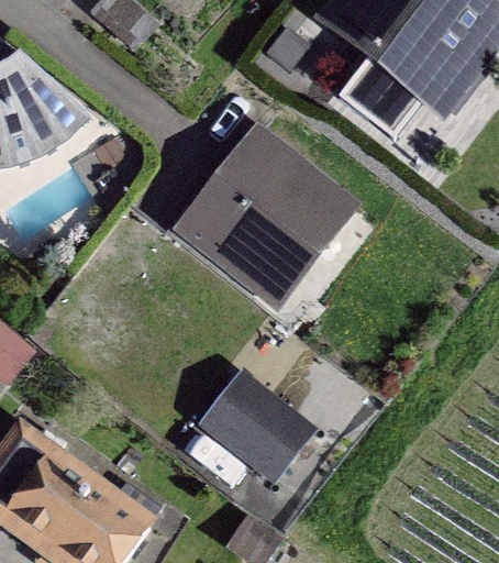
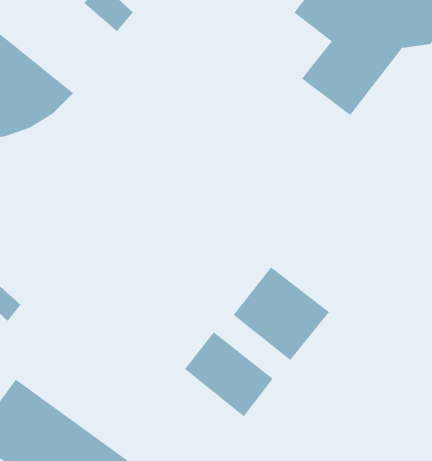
building: [184,134,353,294] -> none
building: none -> [233,267,330,361]

